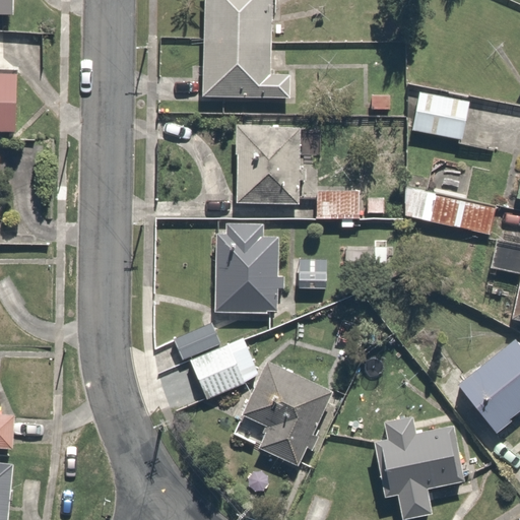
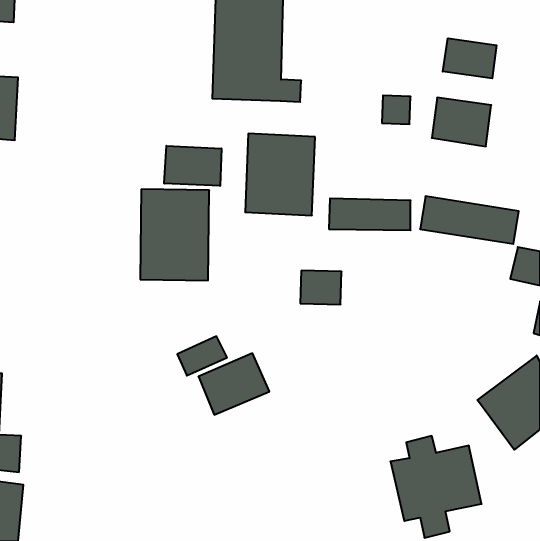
building: none -> [443,38,497,78]
building: none -> [164,146,221,186]
building: [214,224,280,312] -> [140,189,209,280]
building: [244,361,334,465] -> none

